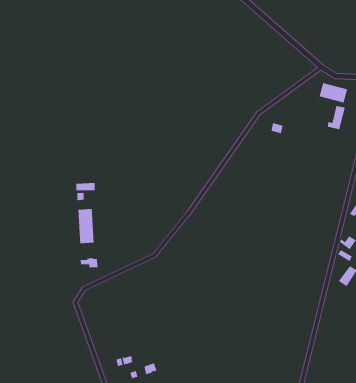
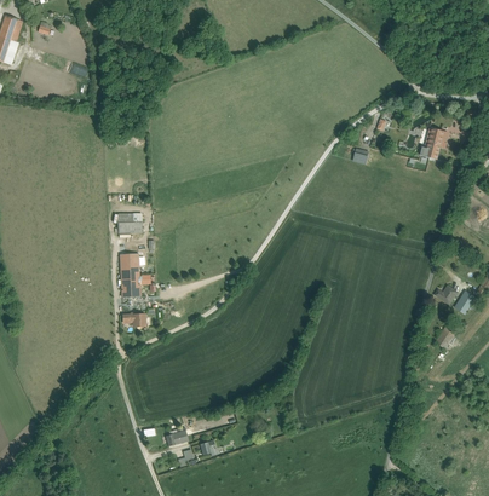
building: [319,82,348,104] -> none

